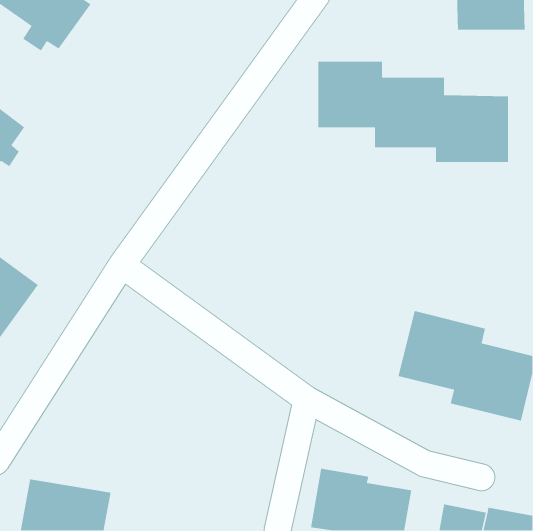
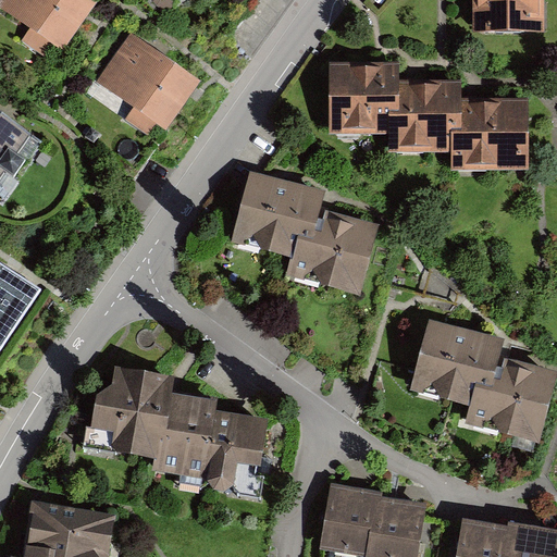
building: none -> [92,29,201,133]
building: none -> [227,170,379,294]
building: none -> [87,368,267,483]

